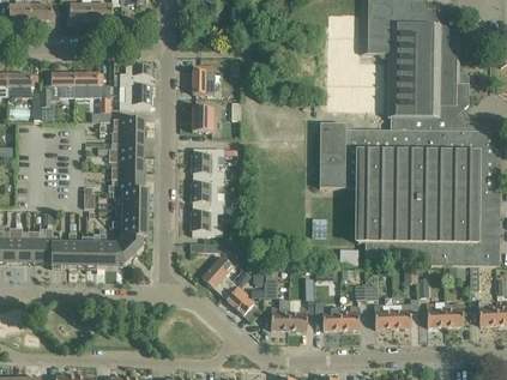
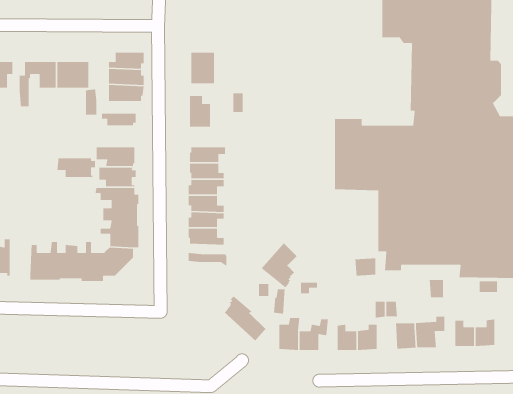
building: [111,131,146,149] -> [57,157,96,178]
building: [34,228,52,264] -> none
building: [201,254,234,295] -> [261,243,298,289]

